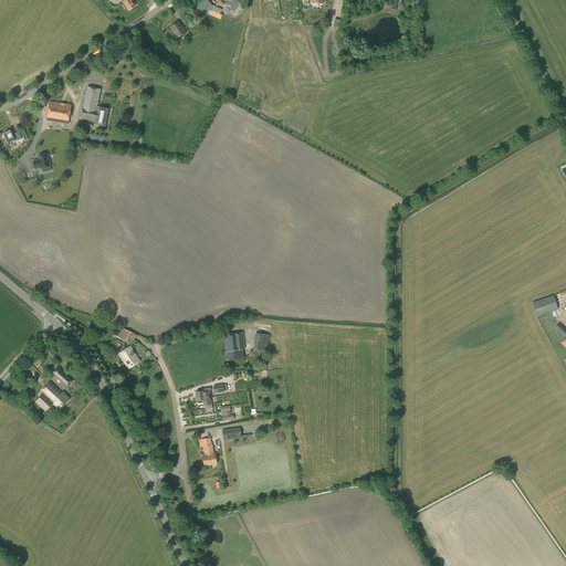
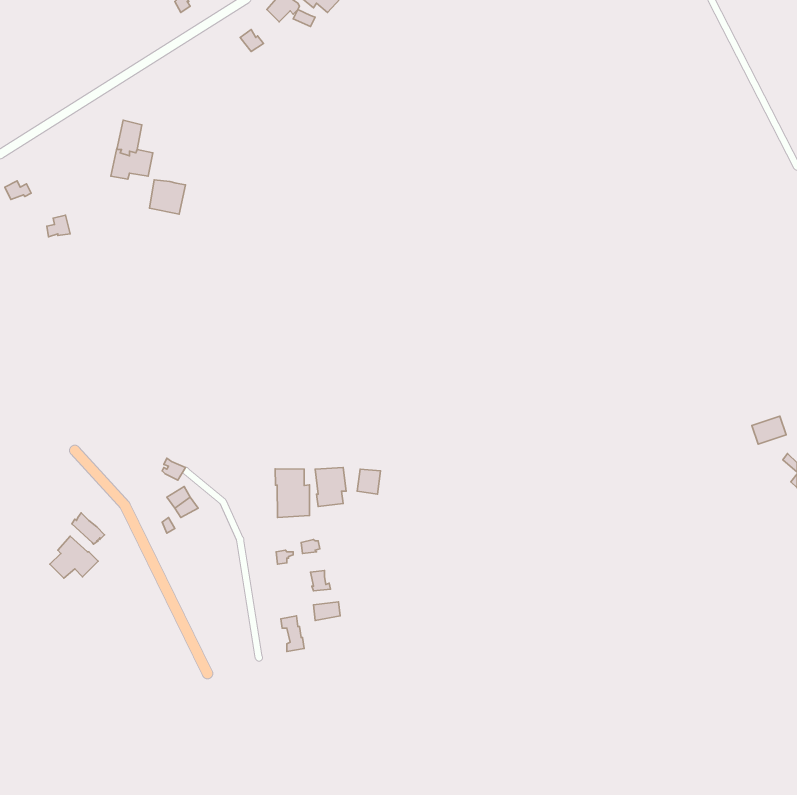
building: [46,101,72,125] -> [150,180,185,214]
building: none -> [275,469,310,518]

